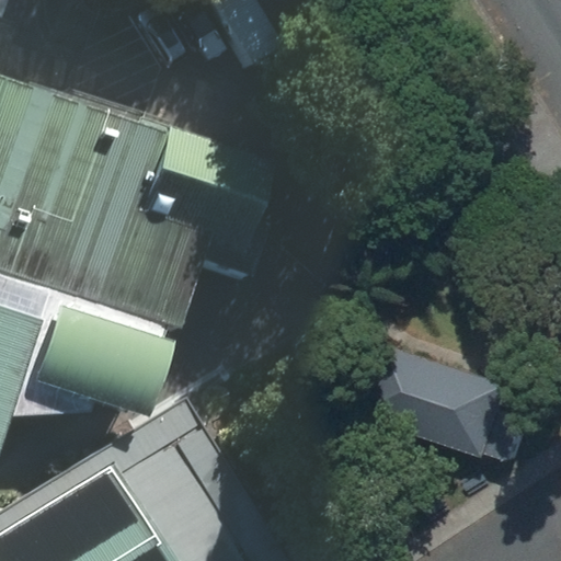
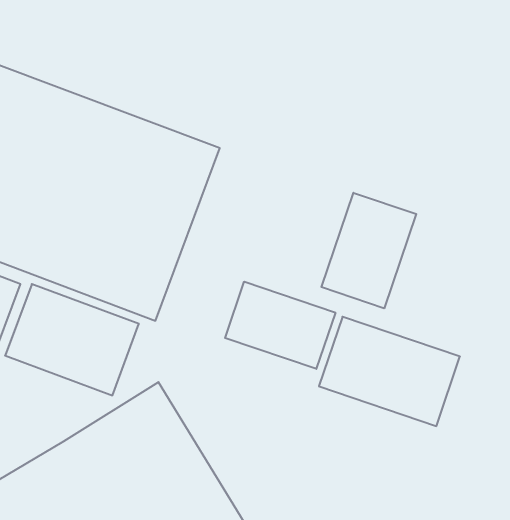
building: none -> [321,193,416,308]
building: none -> [225,282,335,369]

